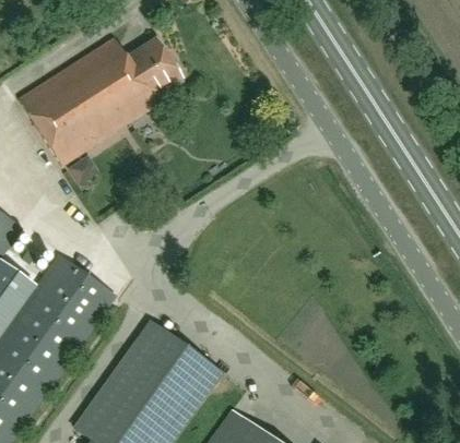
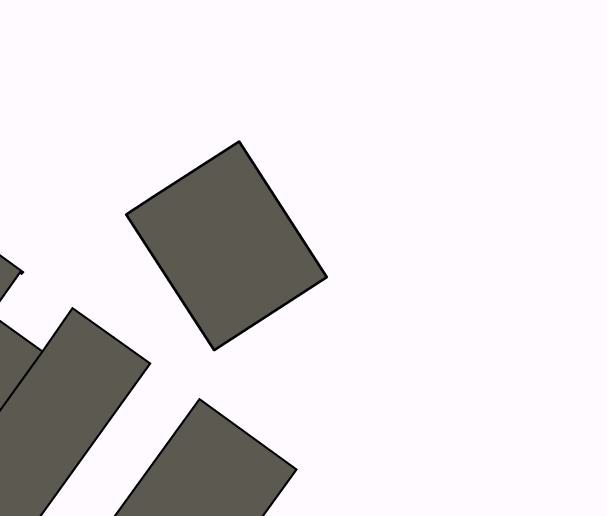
building: [17,37,180,165] -> none
building: none -> [126,142,327,350]

